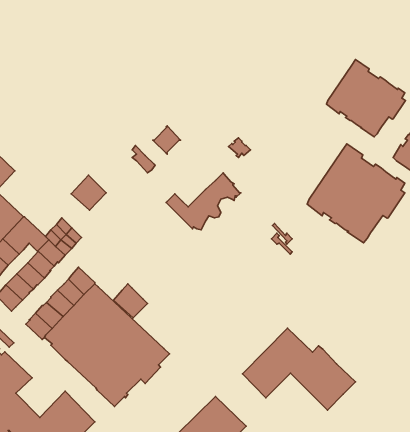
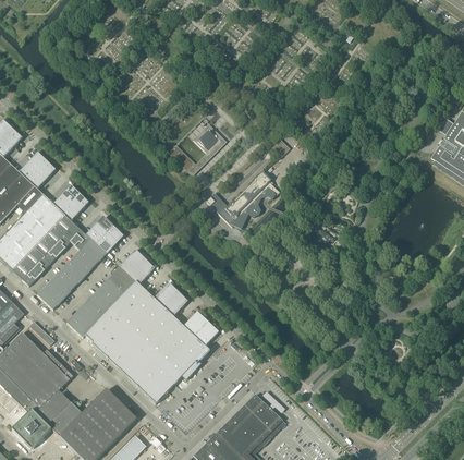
building: [326,59,405,137] -> none
building: [307,144,405,243] -> none
building: [71,175,106,210] -> [53,185,88,220]
building: none -> [119,250,154,286]
building: none -> [183,312,218,346]
building: [243,328,356,410] -> none

